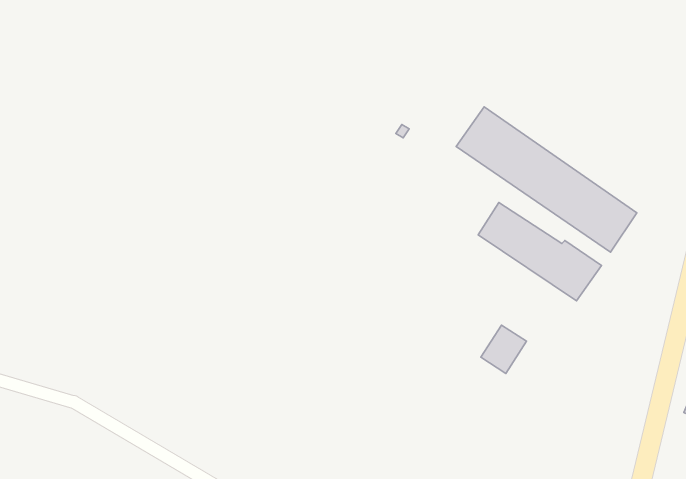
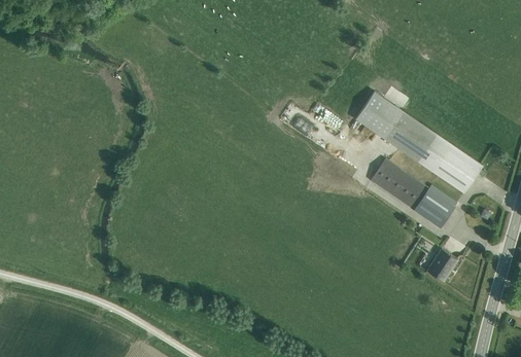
building: [481,325,526,373] -> [426,248,458,282]

